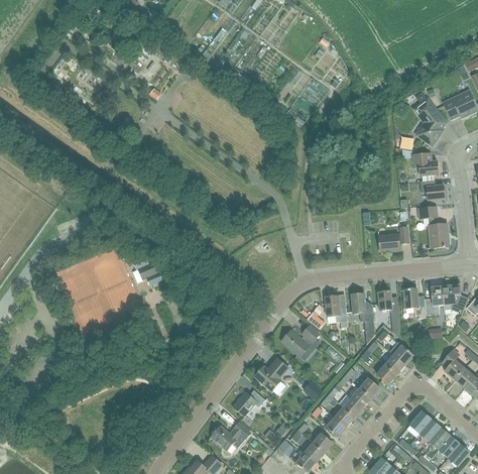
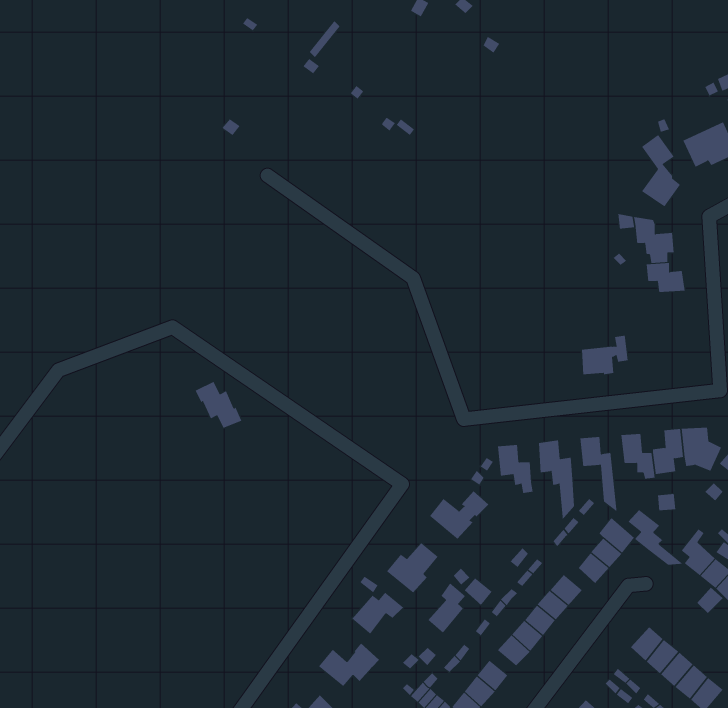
building: [417,206,449,247] -> none
building: none -> [627,509,684,566]
building: none -> [427,583,466,634]

